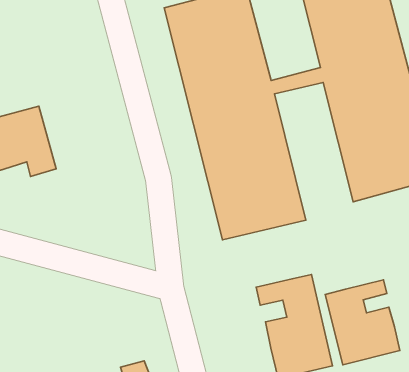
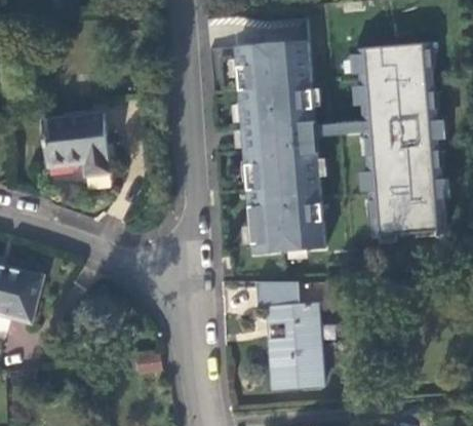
building: none -> [260,278,304,304]
building: [325,280,400,365] -> none

